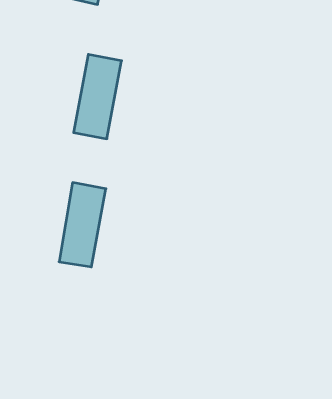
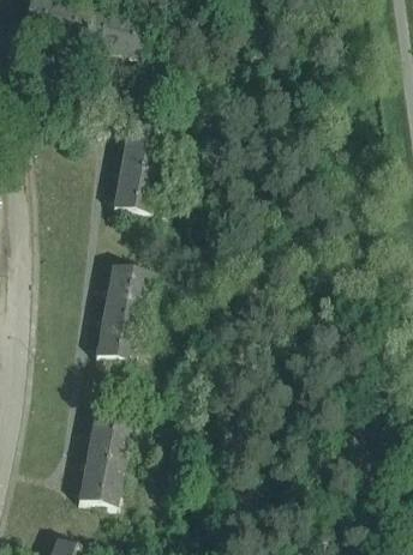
building: none -> [78,408,133,505]

